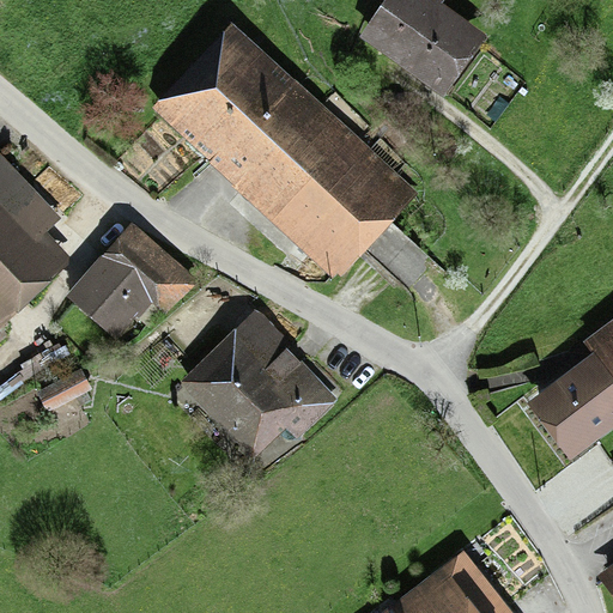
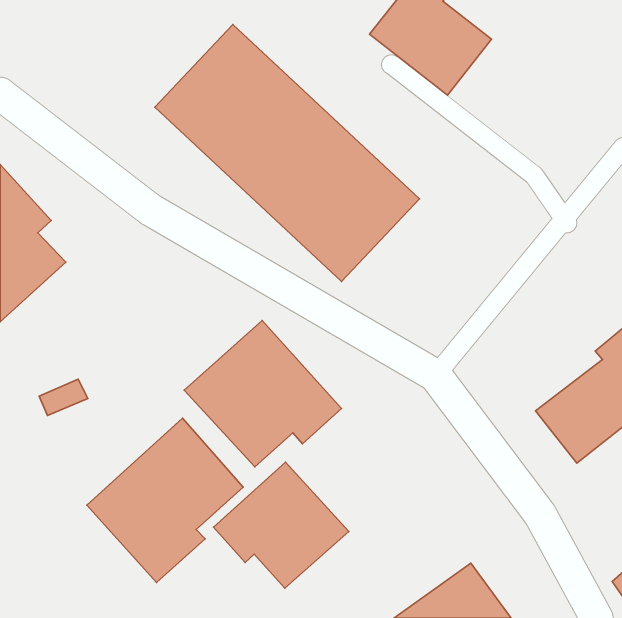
building: [68,226,195,340] -> none
building: none -> [87,418,243,583]
building: none -> [214,462,349,588]

